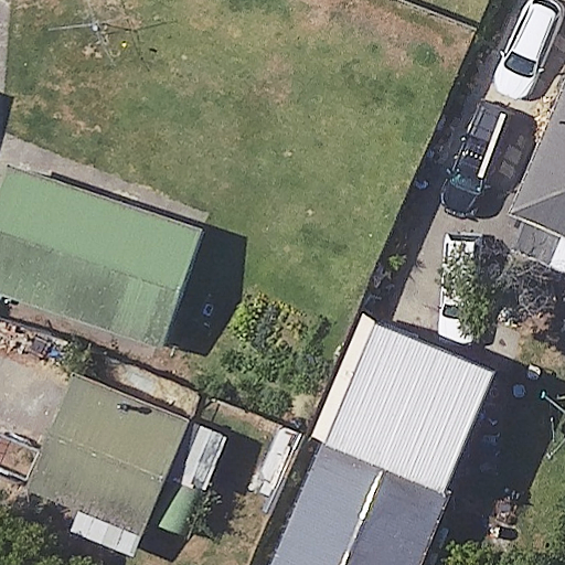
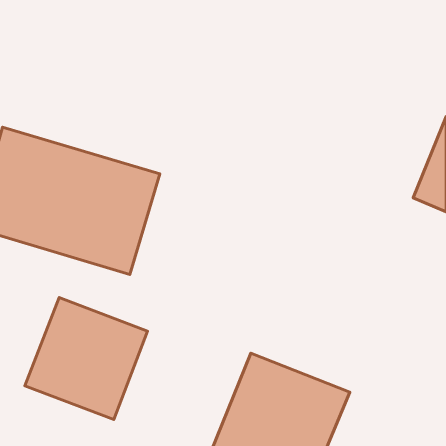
building: [328,322,494,490] -> none

